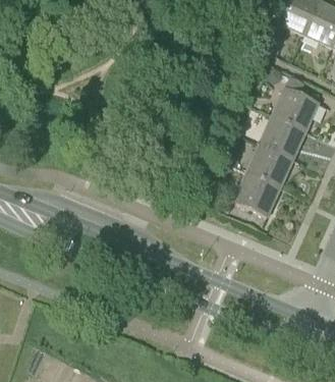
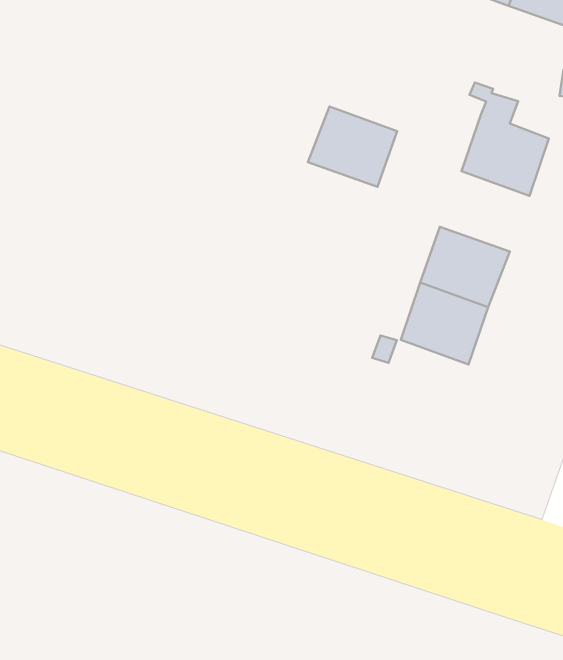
building: [260,116,306,159] -> [308,107,397,187]

